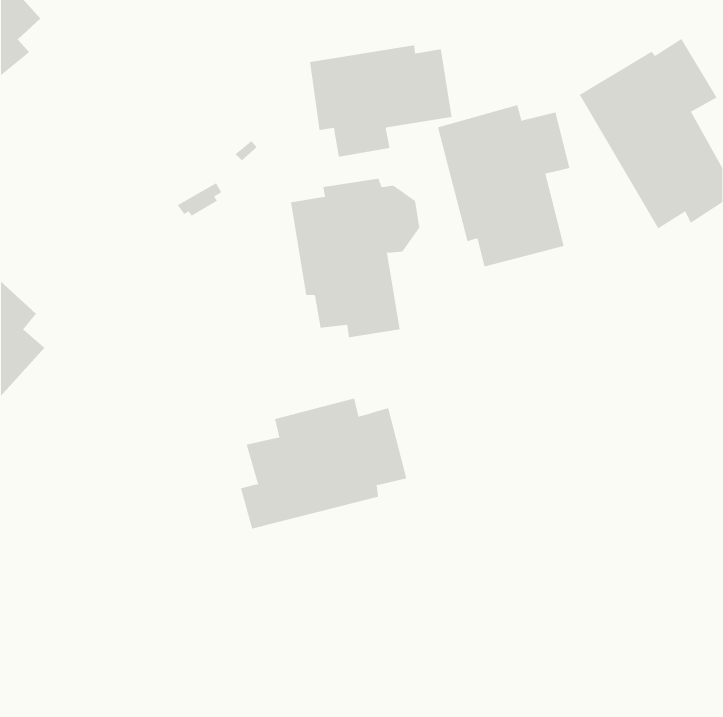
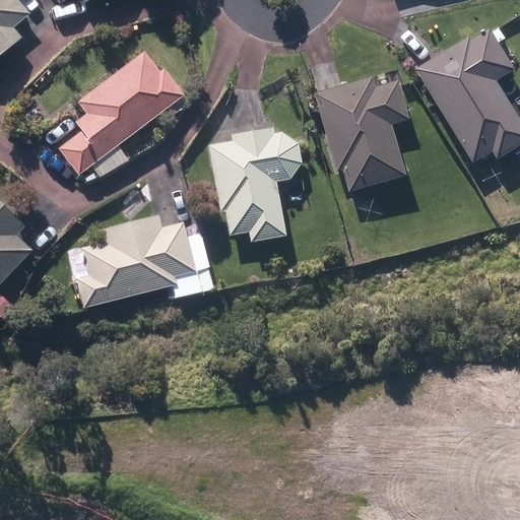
building: [310,44,452,157] -> none
building: none -> [58,51,185,176]
building: [240,398,407,529] -> [77,214,197,309]

